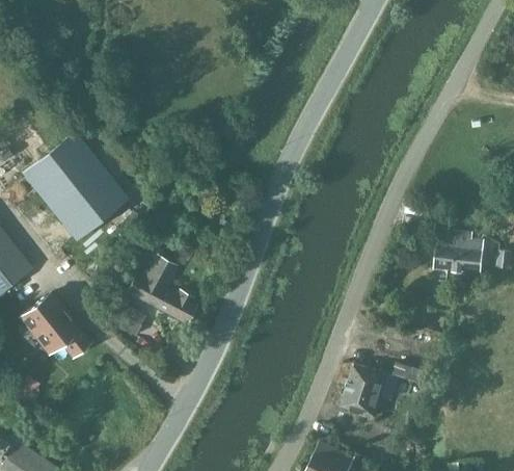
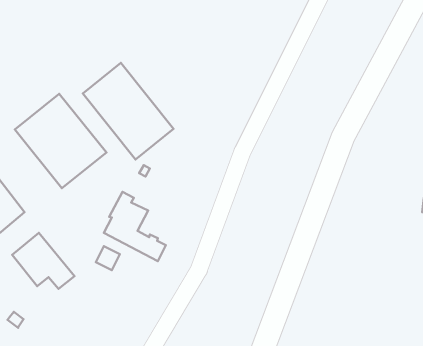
building: none -> [83,63,174,159]
building: [434,230,486,282] -> none
building: [341,362,426,418] -> none

